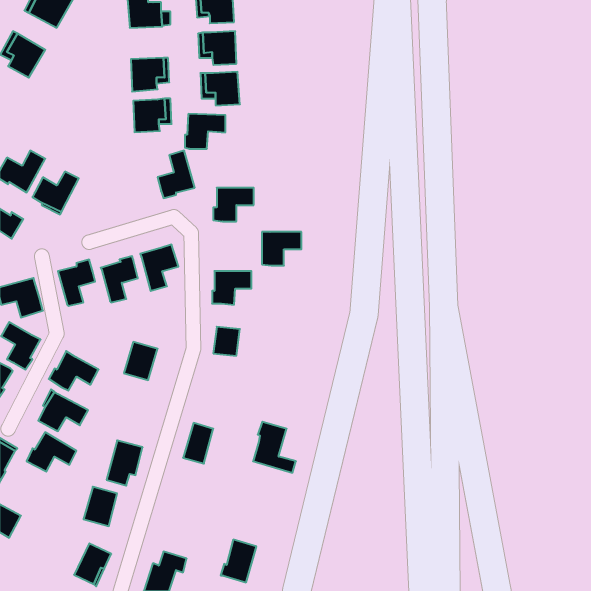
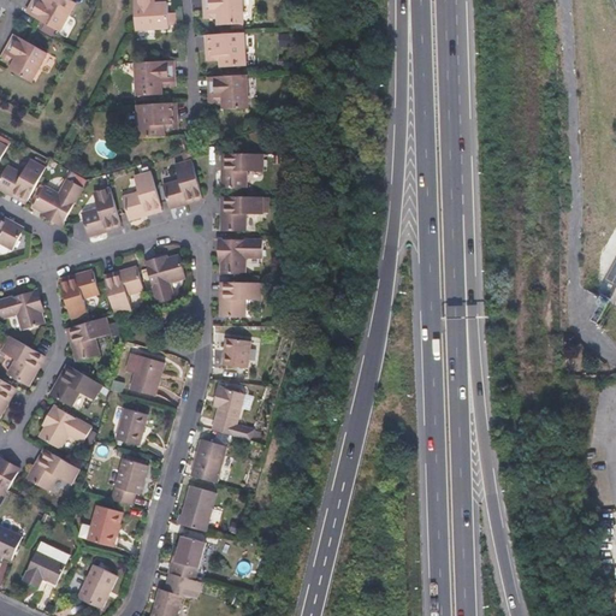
building: [185,114,225,149] -> [224,152,266,188]
building: none -> [123,168,162,218]
building: none -> [82,185,122,235]
building: [262,232,301,266] -> [221,238,262,273]
building: none -> [69,315,111,360]
building: none -> [116,407,147,444]
building: [253,422,296,473] -> [208,387,253,440]
building: none -> [177,486,208,529]
building: none -> [22,550,64,587]
building: [221,540,256,582] -> [167,535,205,580]

